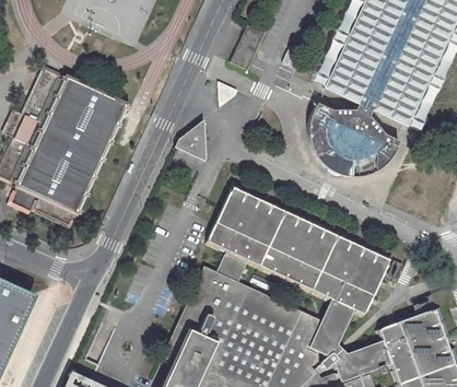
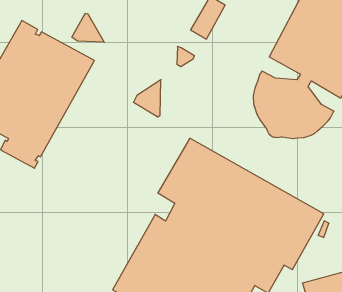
building: none -> [72,13,104,42]

